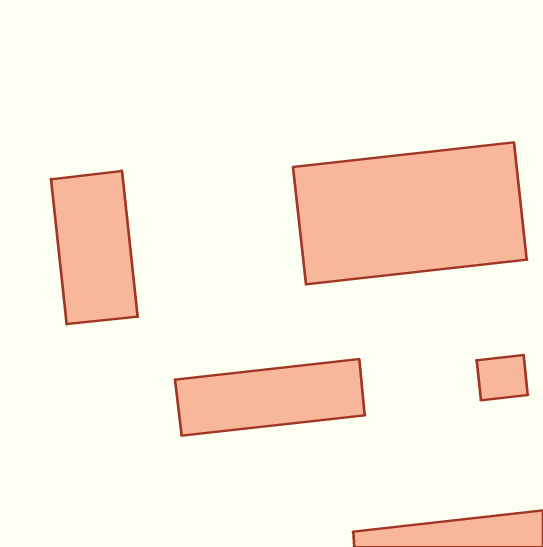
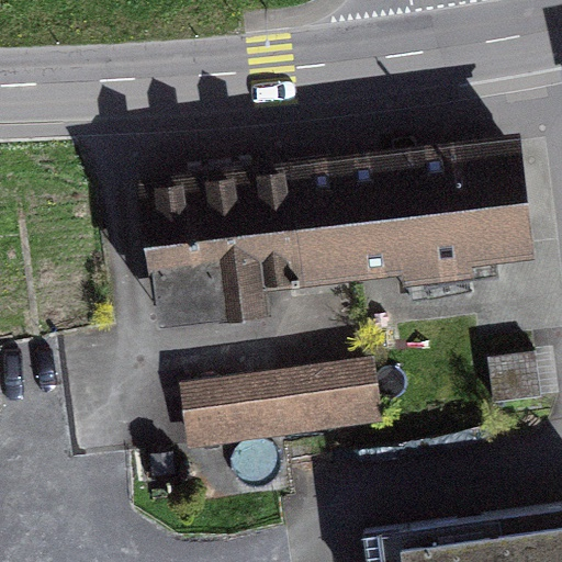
building: none -> [148,171,313,308]
building: [51,171,138,324] -> none

